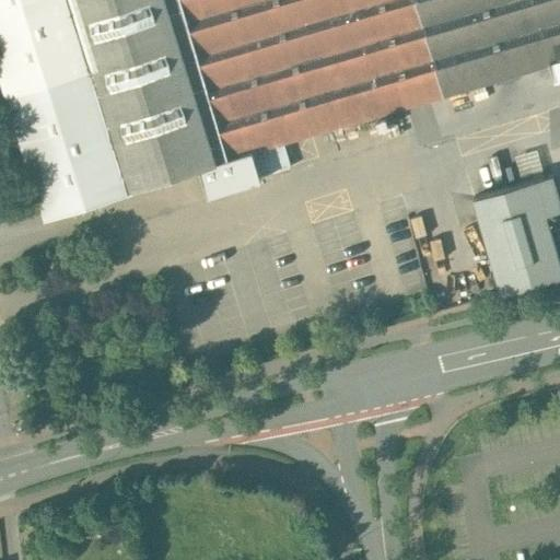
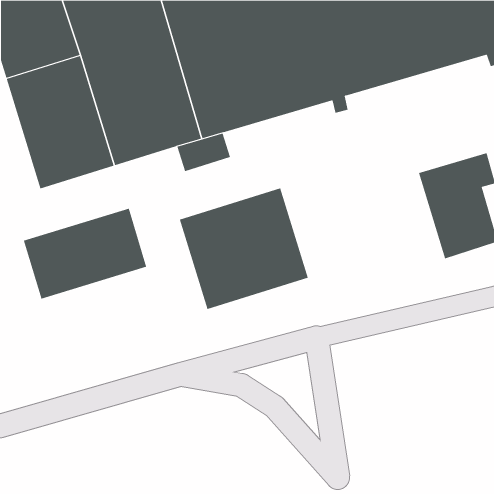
building: none -> [179,188,308,310]
building: none -> [23,208,147,300]

